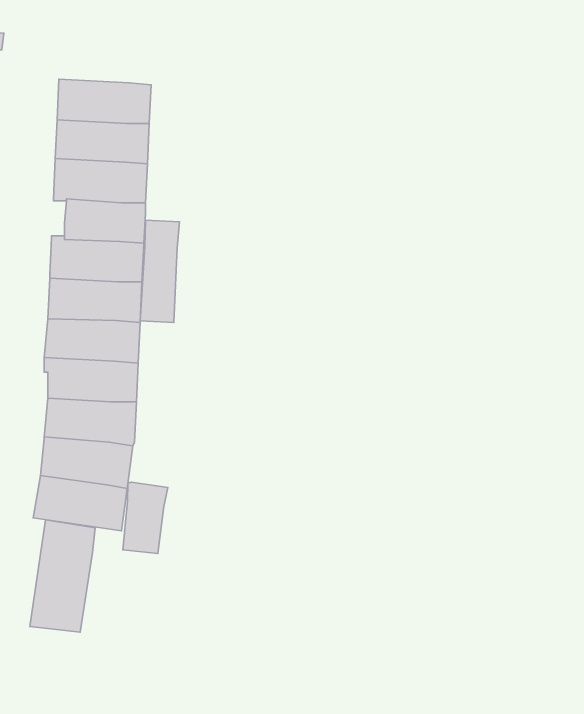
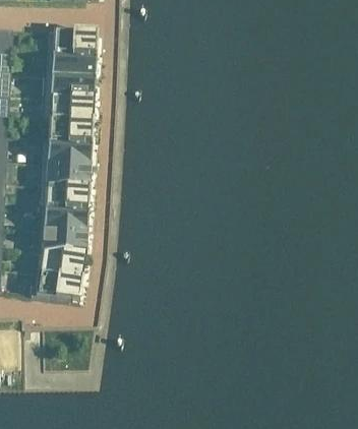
building: none -> [45,32,98,58]
building: [140,220,179,322] -> none
building: [123,482,168,554] -> none
building: [30,520,95,632] -> none

